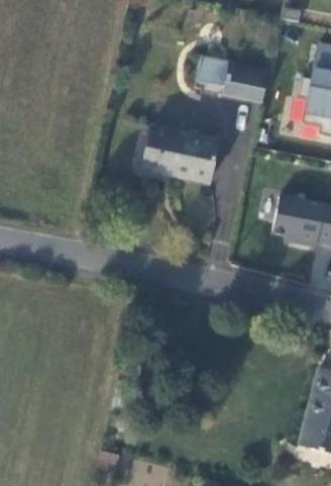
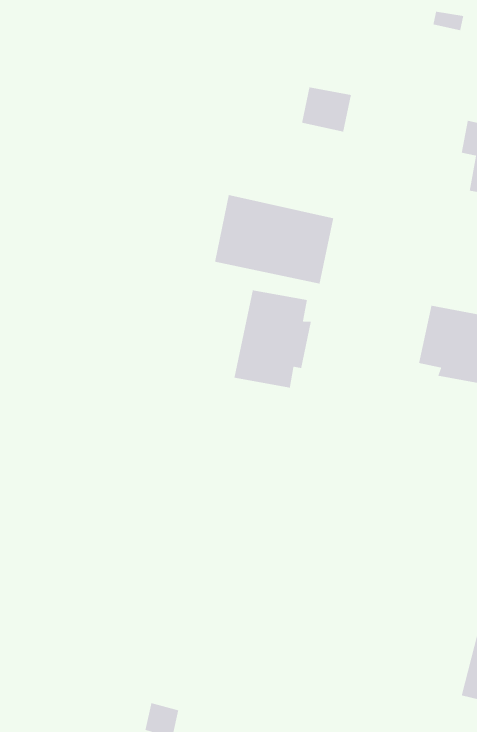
building: [223,61,268,100] -> none
building: none -> [234,290,312,389]

